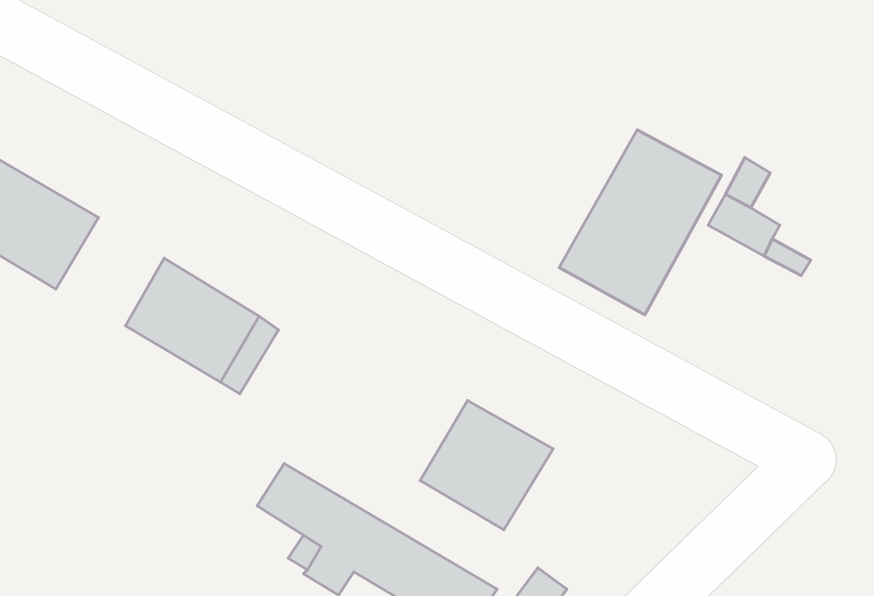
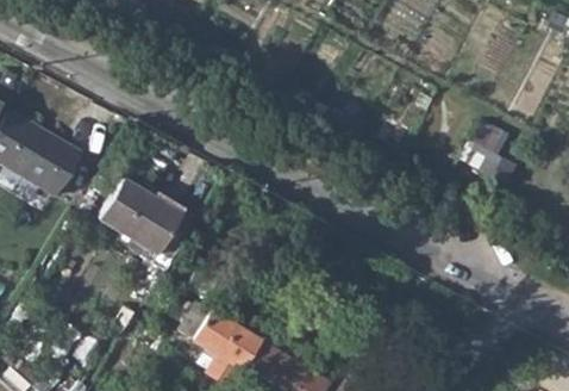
building: [559,130,722,315] -> none
building: [420,401,553,530] -> none

